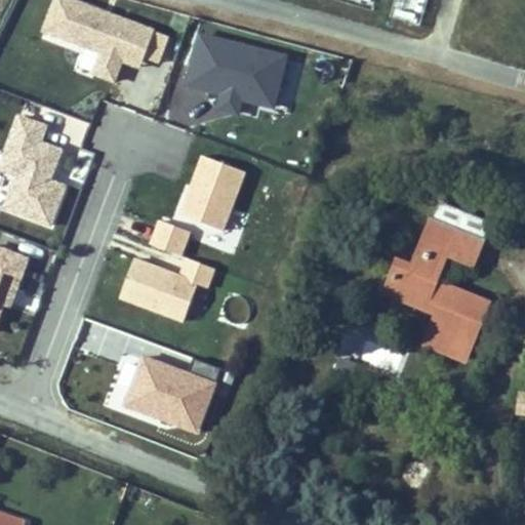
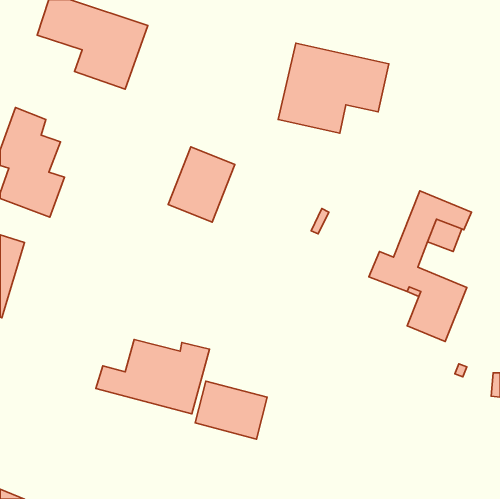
building: [173,32,289,126] -> [278,43,389,133]
building: [115,219,215,322] -> none
building: none -> [195,381,267,439]

